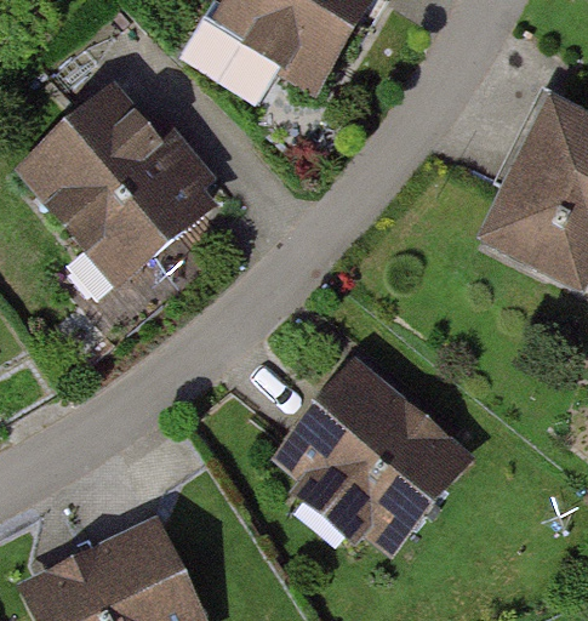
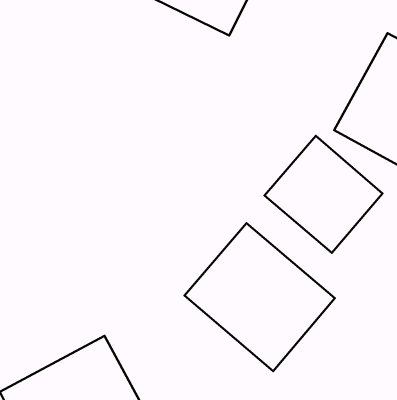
building: [16,81,221,289] -> none
building: none -> [264,136,382,253]

